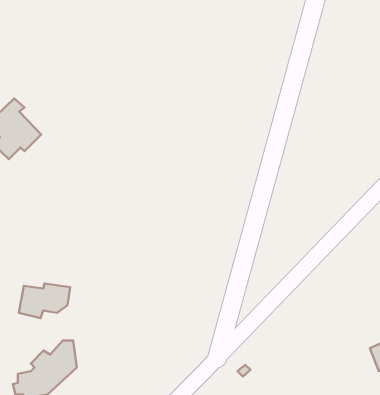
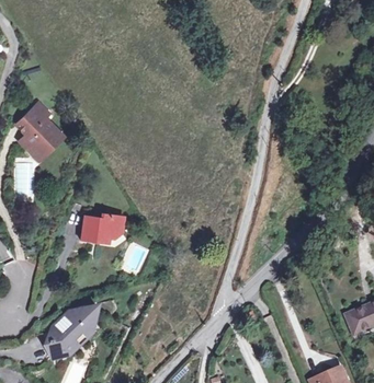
building: [19,283,70,318] -> [84,217,128,246]

